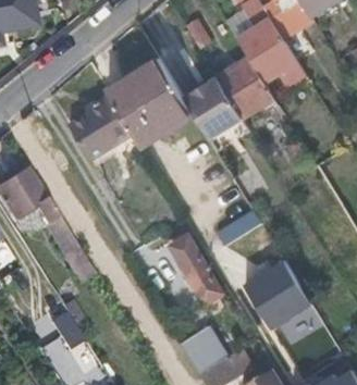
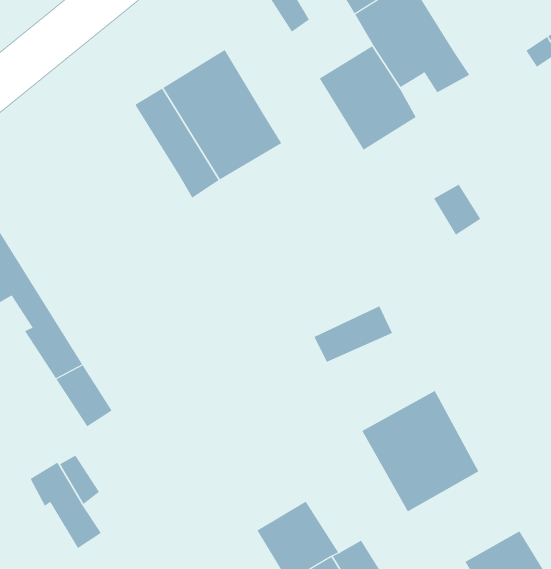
building: [185,76,244,139] -> none
building: [71,94,135,160] -> none
building: [170,233,225,306] -> none

